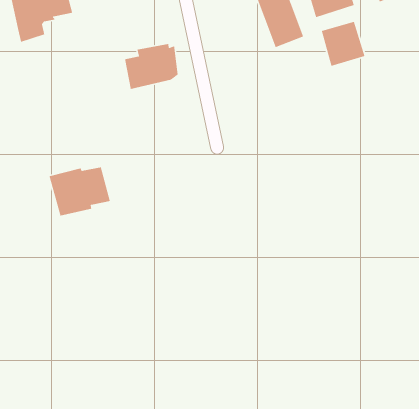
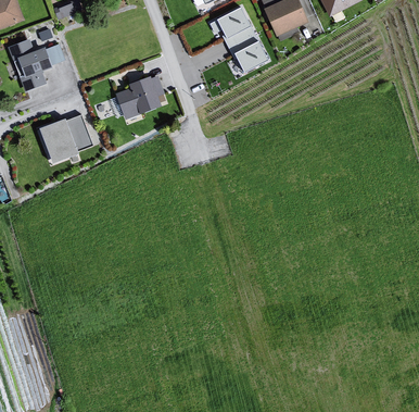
building: [321,21,366,67] -> none
building: [49,166,111,216] -> [37,116,93,164]

